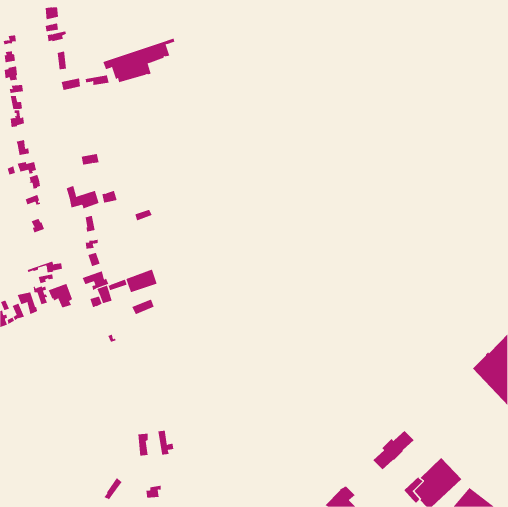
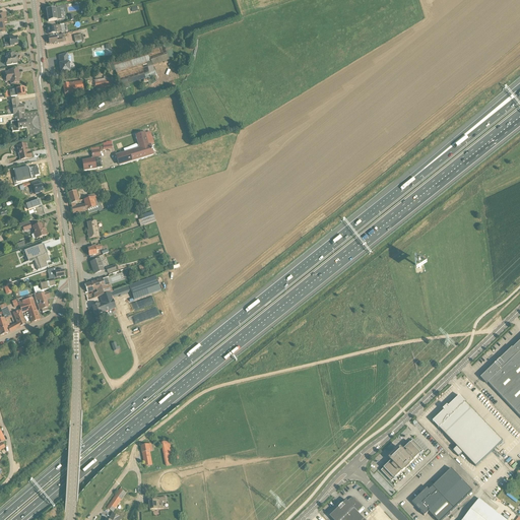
building: none -> [116,131,152,164]
building: [48,283,73,308] -> [23,243,49,268]
building: none -> [432,394,502,465]

